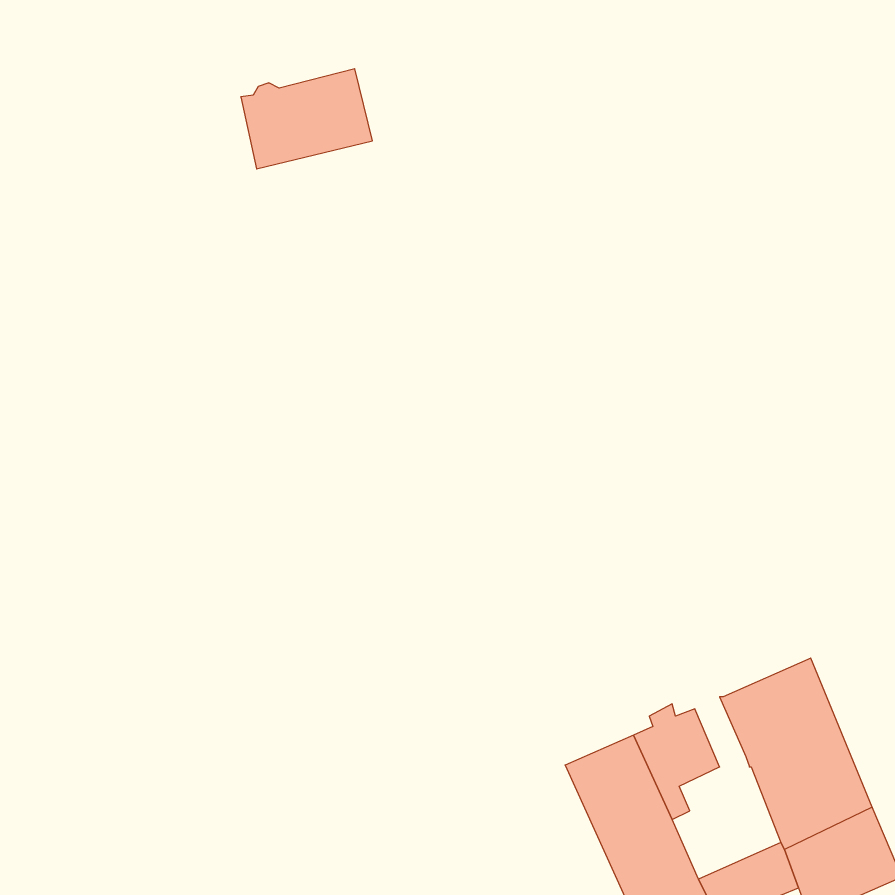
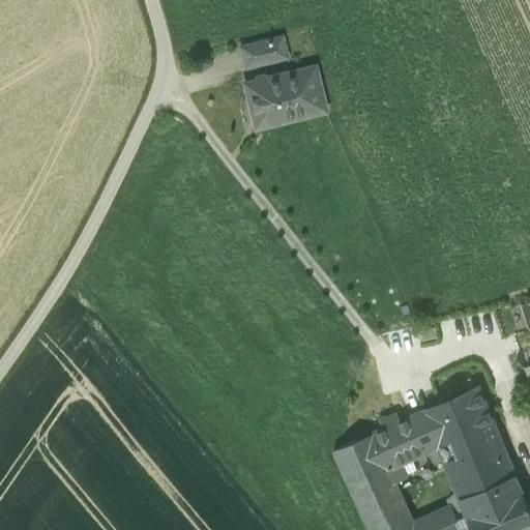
building: none -> [241,40,286,68]
building: [241,69,372,169] -> [246,69,324,128]
building: none -> [411,412,441,453]

